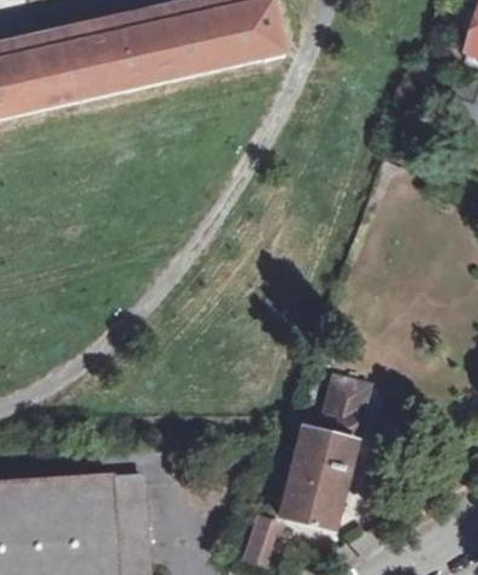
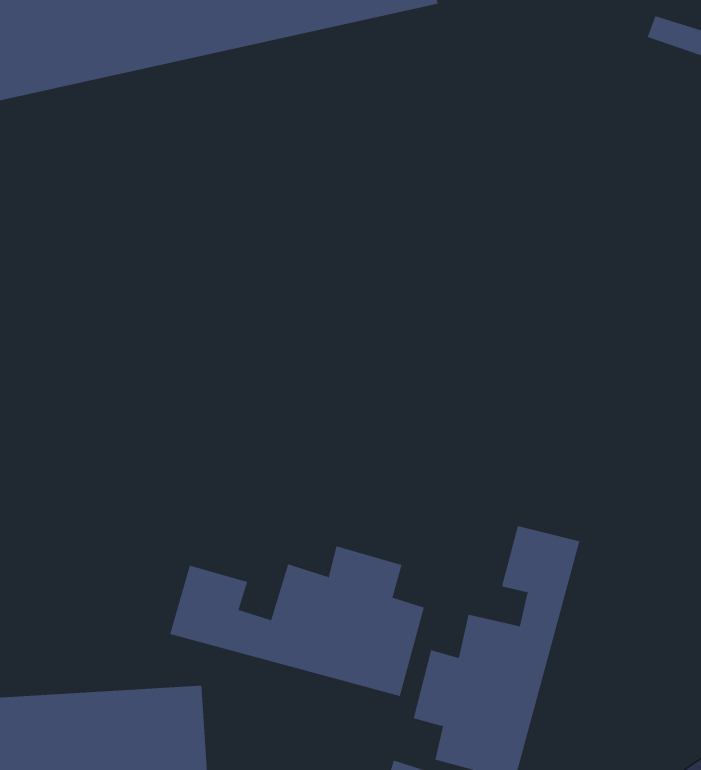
building: none -> [169,546,425,697]

